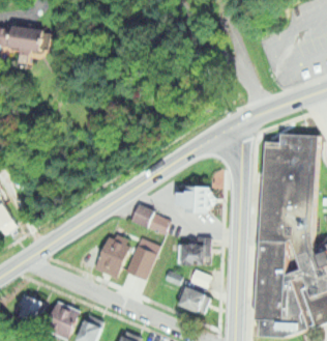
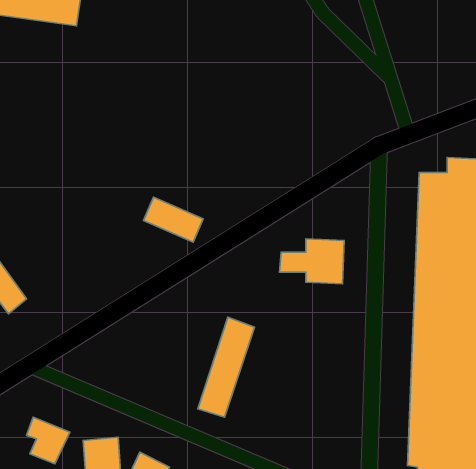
building: [135,203,172,231] -> [143,197,203,242]
building: [95,237,132,280] -> none
building: [178,244,209,263] -> none
building: [177,282,212,313] -> none

